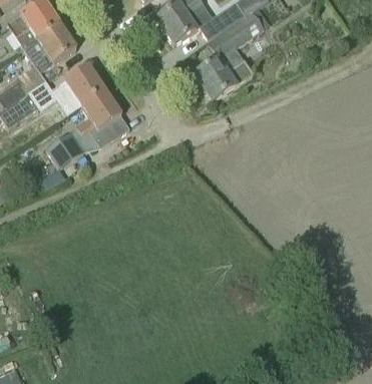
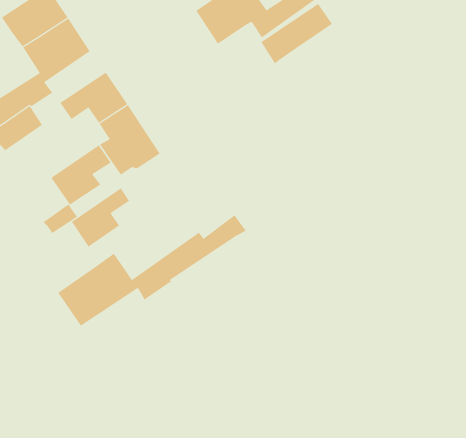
building: [195,47,253,101] -> none
building: none -> [71,187,130,248]
building: none -> [57,214,246,327]

